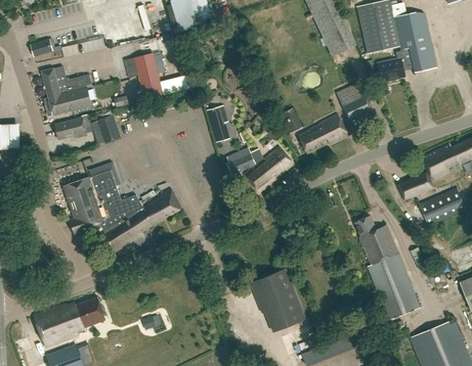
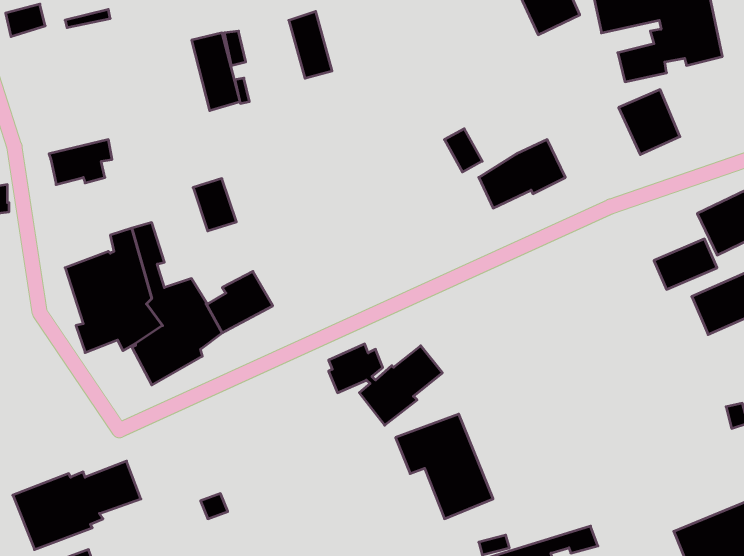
building: [42,67,93,117] -> none
building: [336,82,371,119] -> [619,90,680,155]
building: [209,104,233,142] -> [289,11,332,78]
building: [96,113,121,143] -> [193,179,236,231]
building: [227,147,292,193] -> [329,344,442,425]
building: [354,216,420,320] -> none

